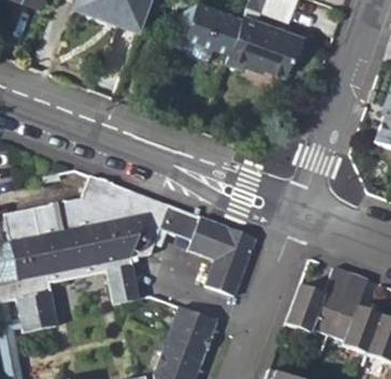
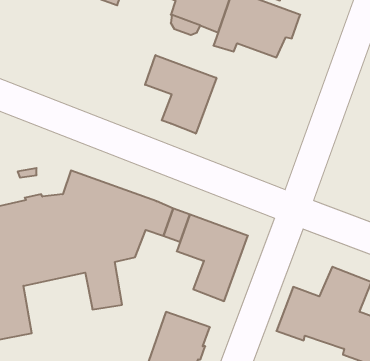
building: none -> [145,55,216,134]

